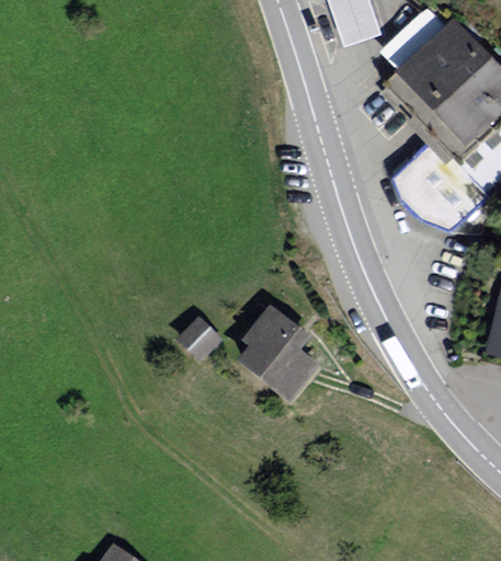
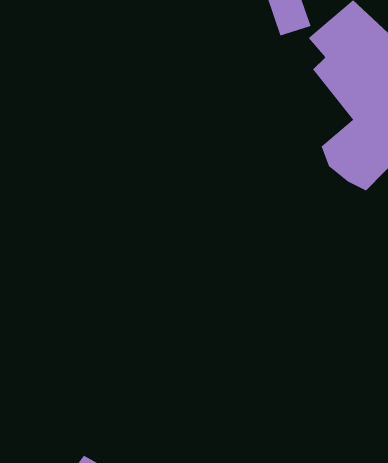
building: [243,304,324,404] -> none
building: [178,313,223,357] -> none

